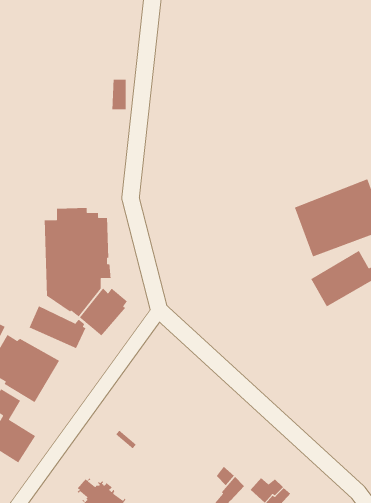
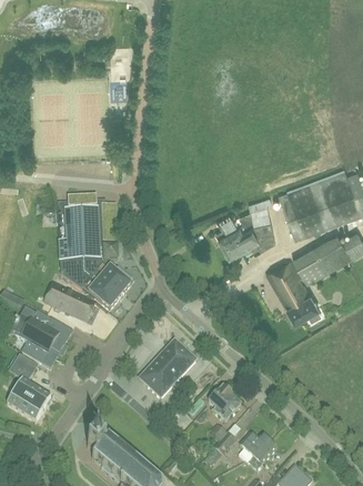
building: none -> [216,199,275,257]
building: none -> [266,261,317,323]
building: none -> [138,340,196,399]
building: none -> [209,388,241,422]

